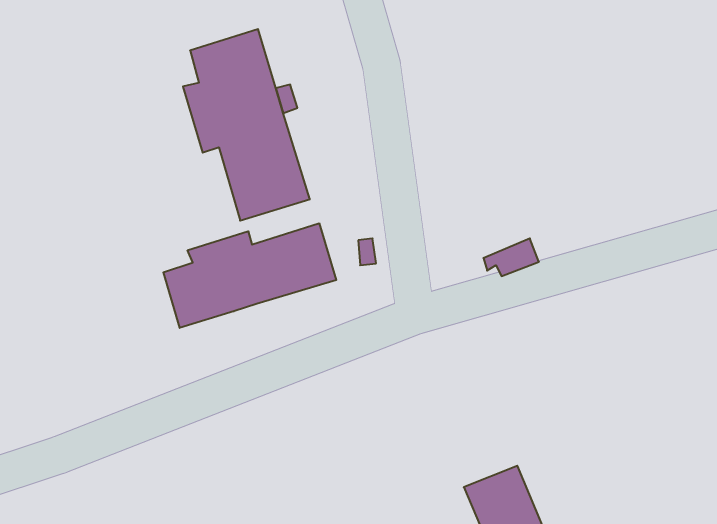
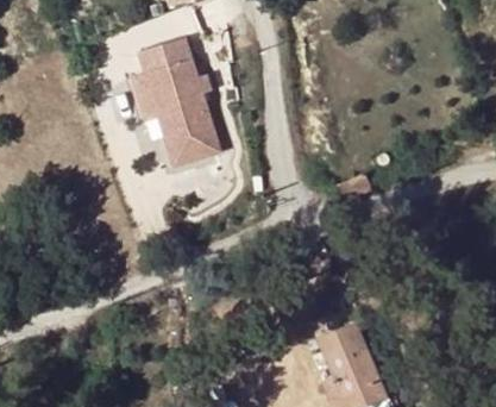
building: [163,223,336,328] -> none

